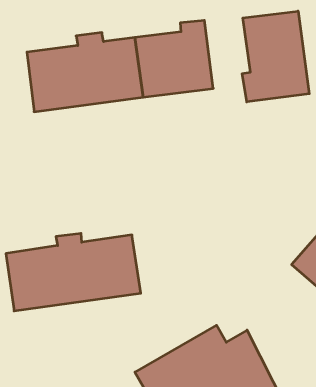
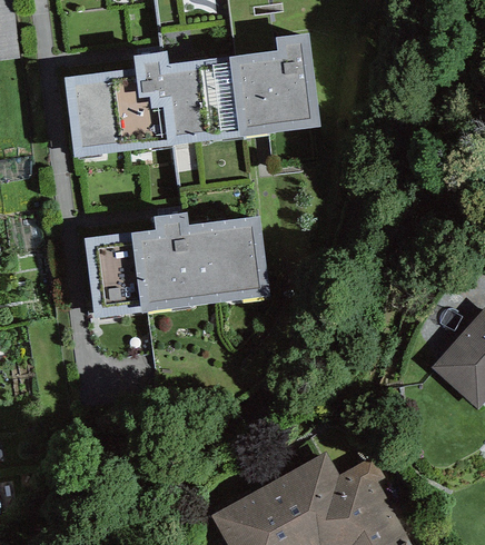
building: [242,11,309,102] -> none
building: [6,233,141,311] -> [83,211,269,318]

